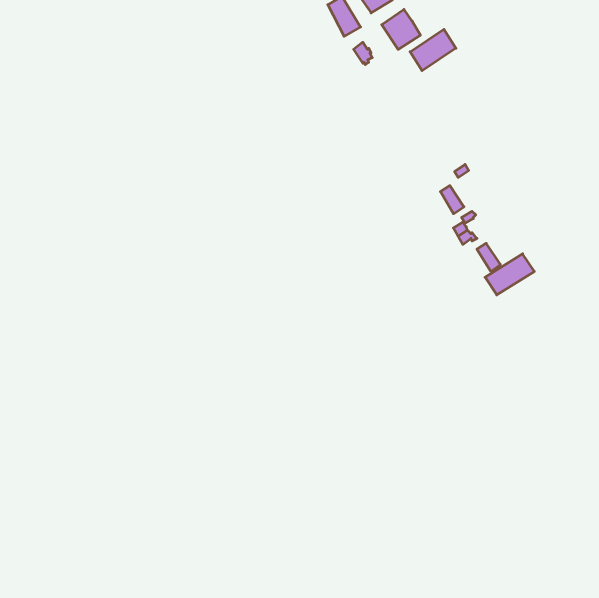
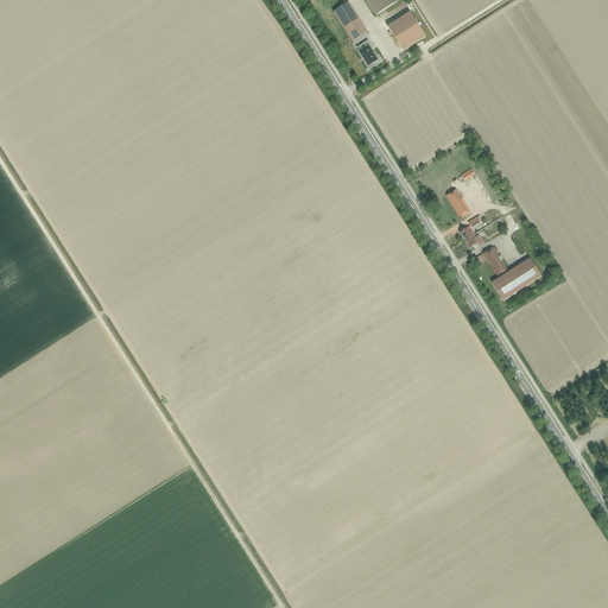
building: [410,29,456,71] -> none

